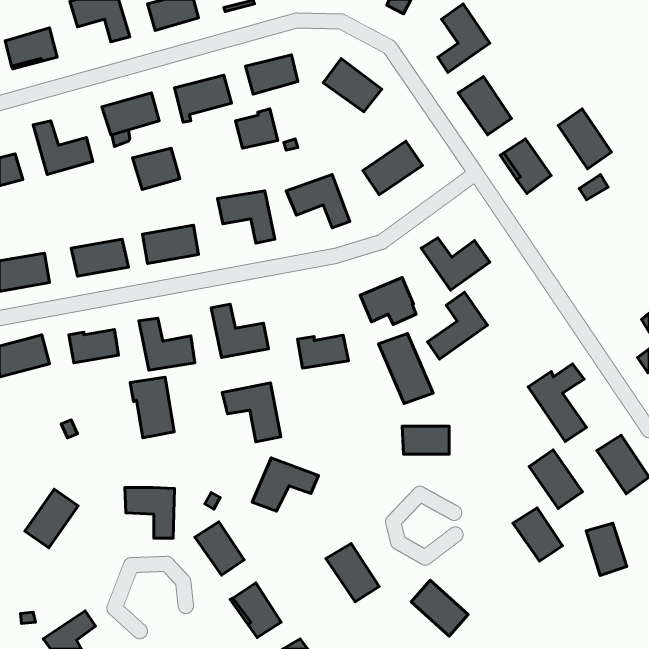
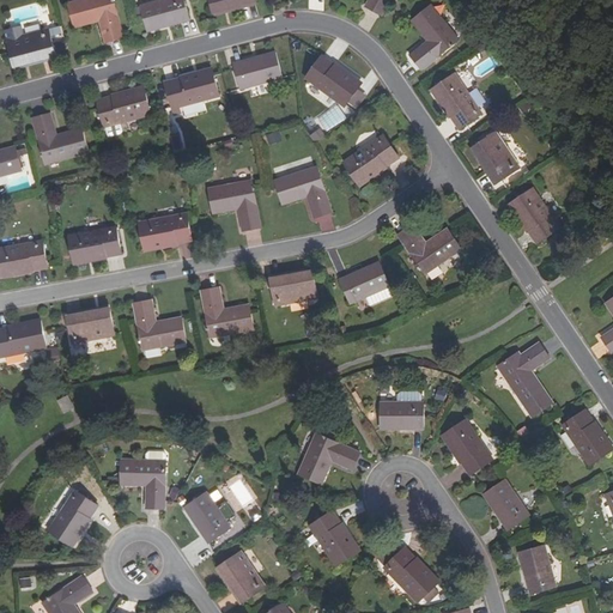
building: [235,109,278,148] -> none
building: [558,109,612,169] -> [509,186,559,242]
building: [132,148,180,190] -> none
building: [428,292,487,359] -> none
building: [379,333,433,403] -> none
building: [298,335,348,368] -> [268,273,316,304]
building: [130,377,174,438] -> none
building: [222,383,281,442] -> none
building: [529,450,582,508] -> [442,418,492,473]
building: [252,458,318,511] -> [296,435,358,485]
building: [25,489,78,548] -> [47,490,97,545]
building: [586,523,627,575] -> [517,544,556,593]

